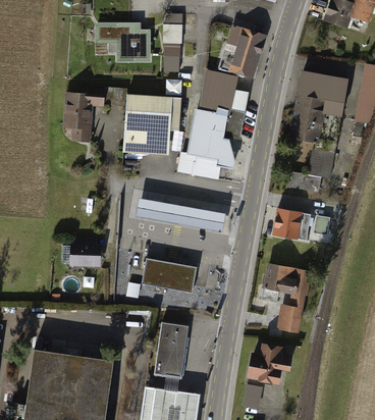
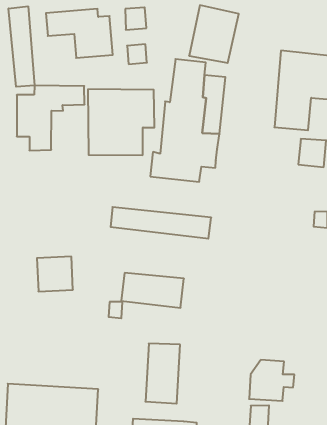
building: none -> [9,6,35,87]
building: [271,208,313,242] -> none
building: [261,264,309,335] -> none

